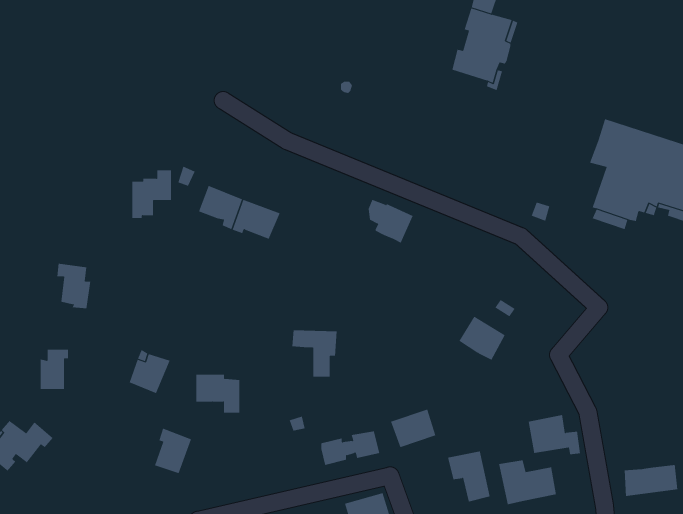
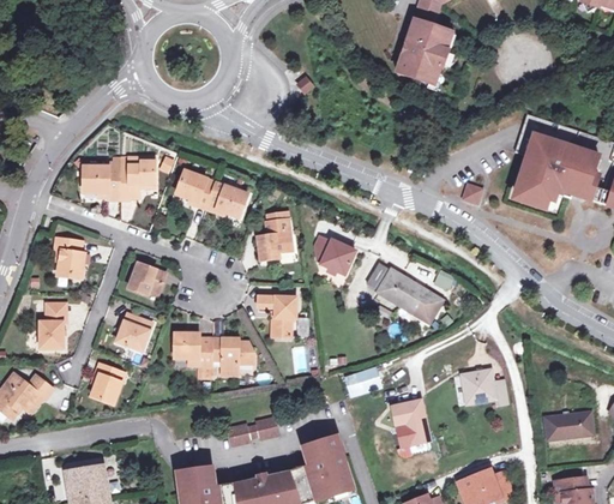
building: none -> [83,162,119,197]
building: [368,199,414,243] -> [315,236,355,275]
building: none -> [257,220,291,260]
building: none -> [128,262,165,294]
building: none -> [367,262,414,305]
building: none -> [212,338,254,373]
building: [154,428,192,474] -> [91,362,124,402]
building: [320,431,380,466] -> [227,415,278,445]
building: [499,460,557,505] -> none

